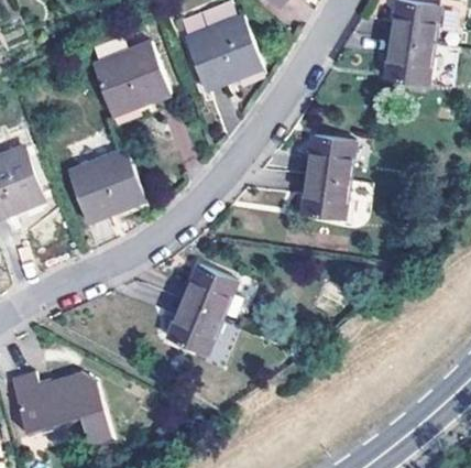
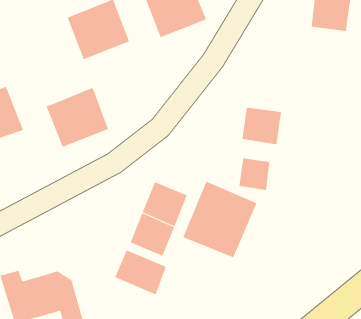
building: [307,133,355,179] -> none
building: none -> [239,157,270,191]
building: none -> [183,181,257,258]
building: none -> [115,249,167,295]

